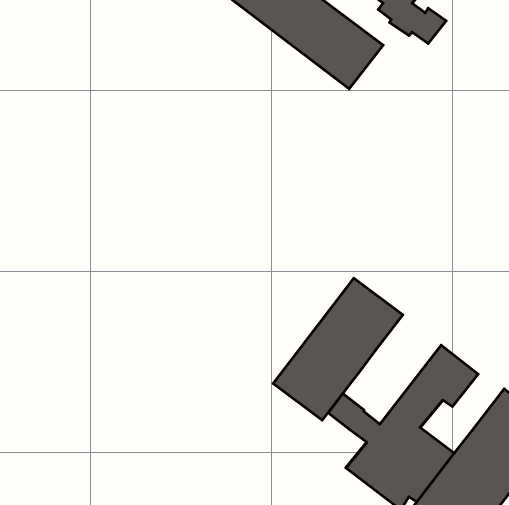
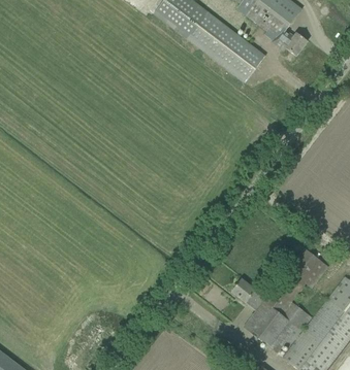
building: [273,278,403,420] -> none

